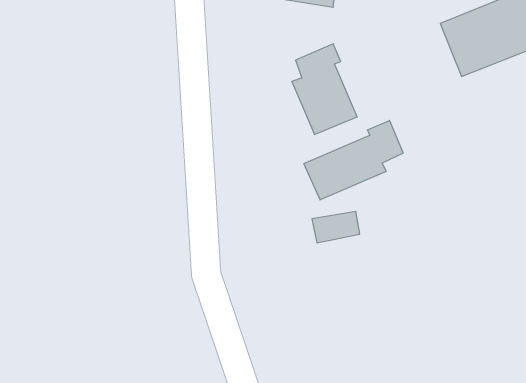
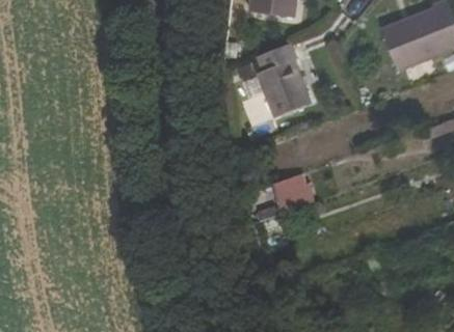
building: [304,120,403,200] -> none

